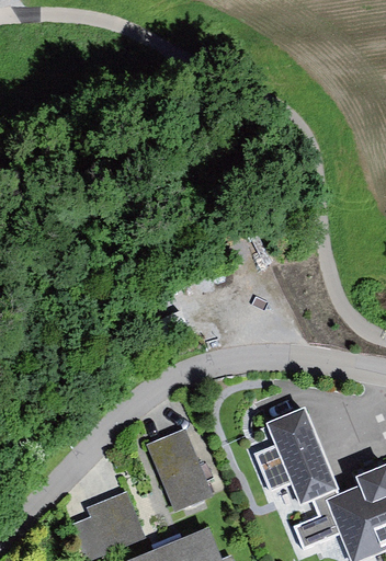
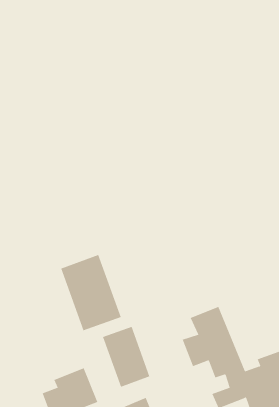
building: none -> [60,254,121,331]

